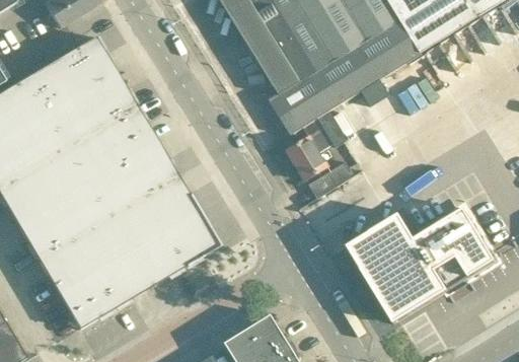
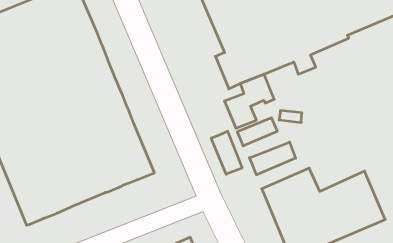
building: none -> [211,131,242,174]
building: none -> [249,142,296,175]

